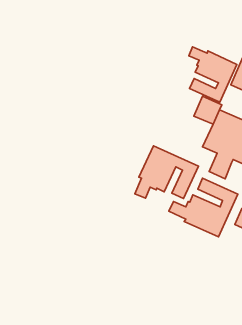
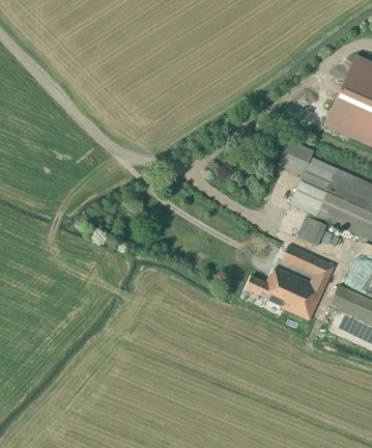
building: [189,47,237,102] -> none
building: [135,146,198,199] -> none

